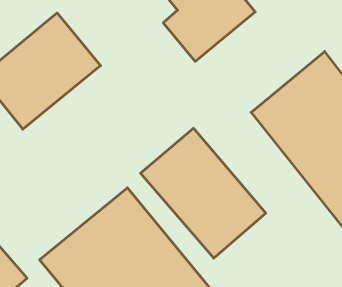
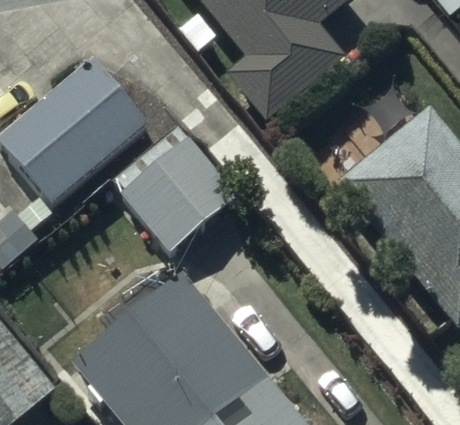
building: none -> [112,126,236,250]
building: [141,128,266,258] -> none

